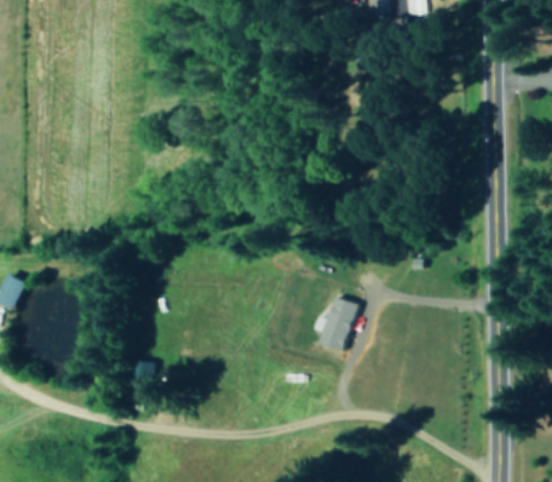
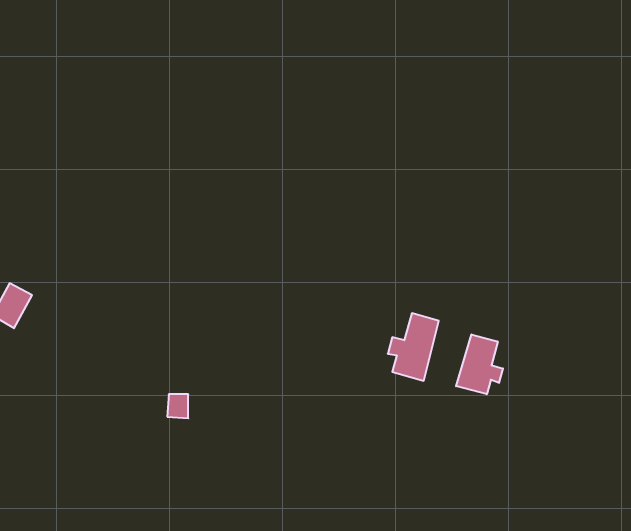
building: none -> [456,334,503,394]

